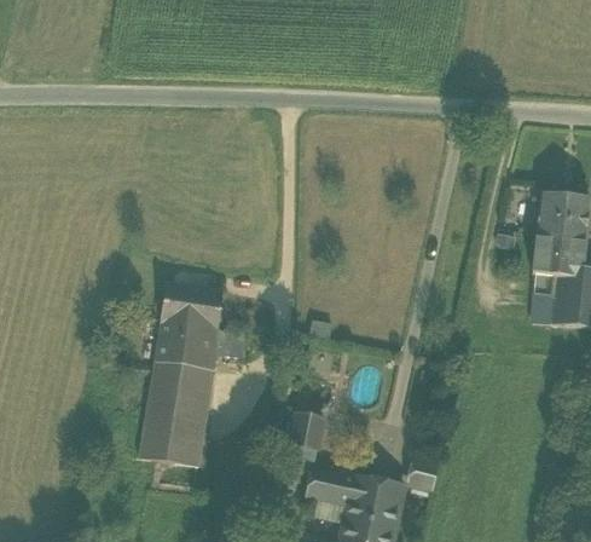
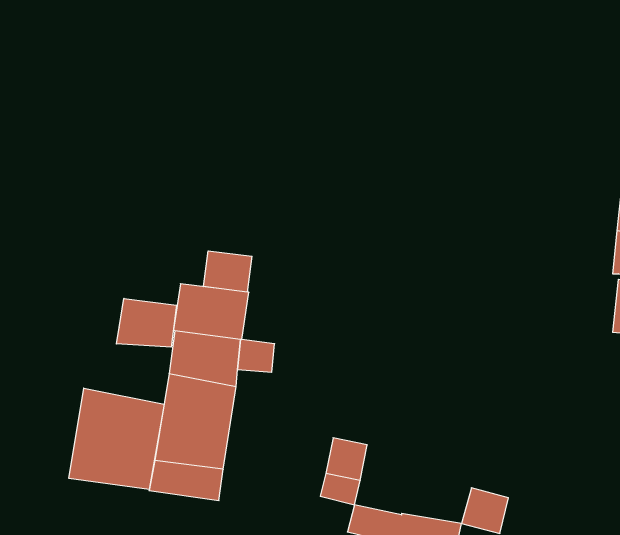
building: none -> [204,251,252,292]
building: none -> [116,298,176,347]
building: none -> [69,388,164,490]

